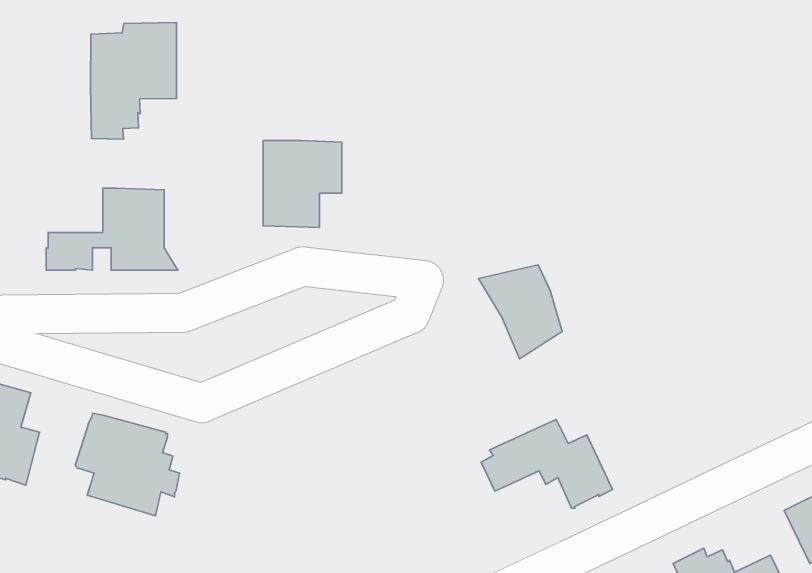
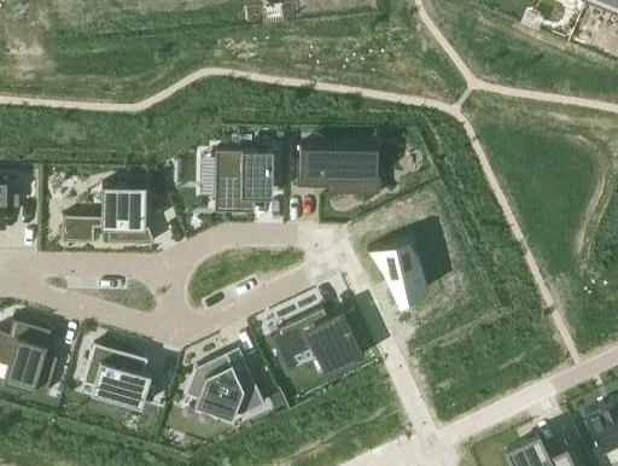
building: [90,22,176,139] -> none
building: none -> [297,142,380,192]
building: [481,420,613,508] -> [270,305,363,368]
building: none -> [182,350,264,412]

